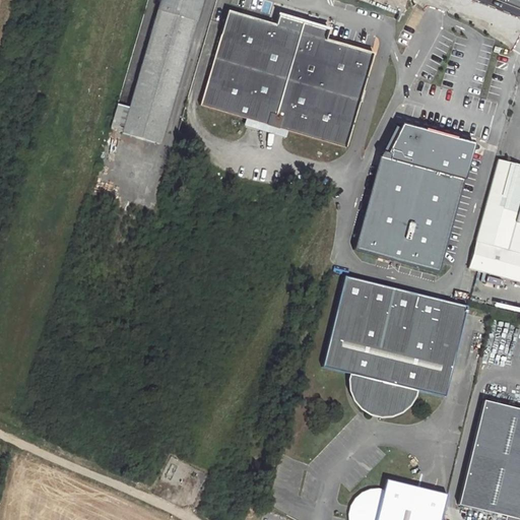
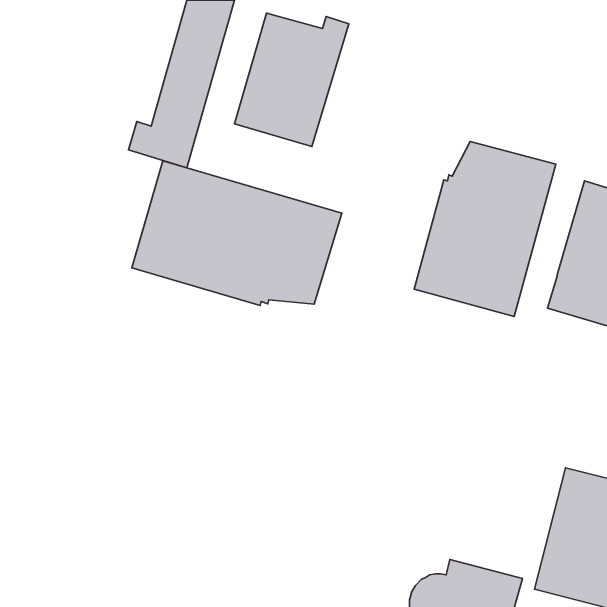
building: [267,21,374,148] -> none
building: none -> [132,161,342,305]
building: [323,274,468,413] -> none

